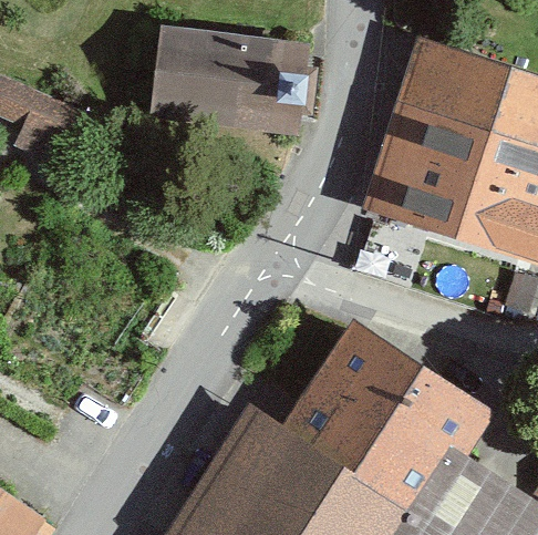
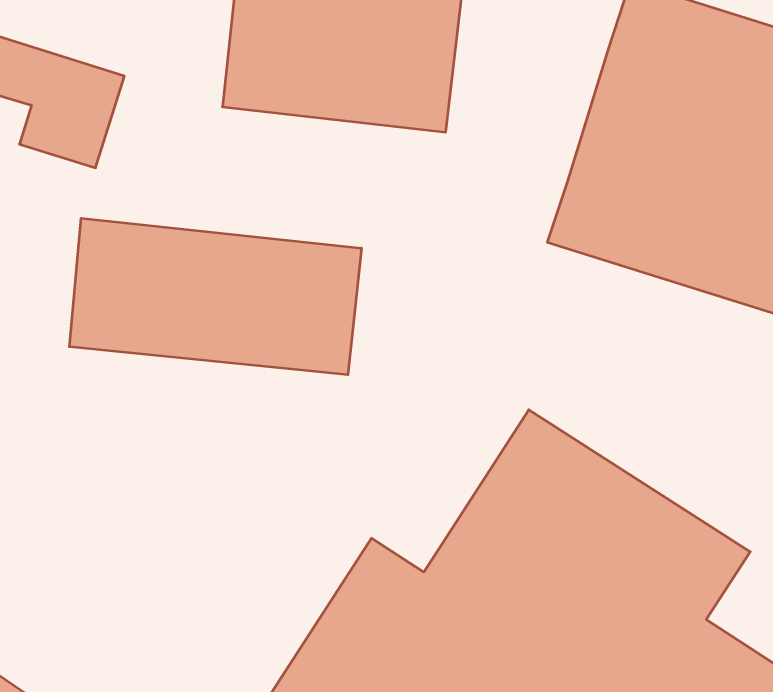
building: none -> [69,218,361,375]

